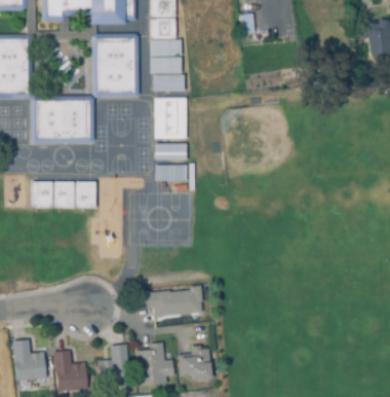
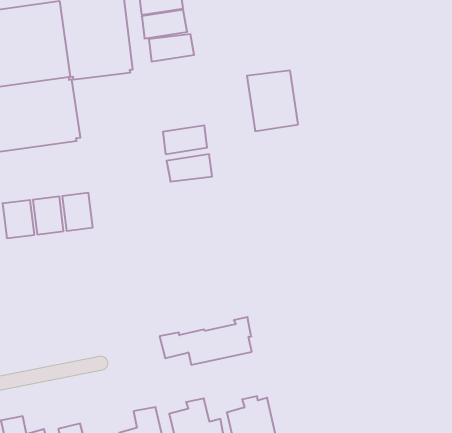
building: [155,98,188,139] -> [247,71,298,131]

